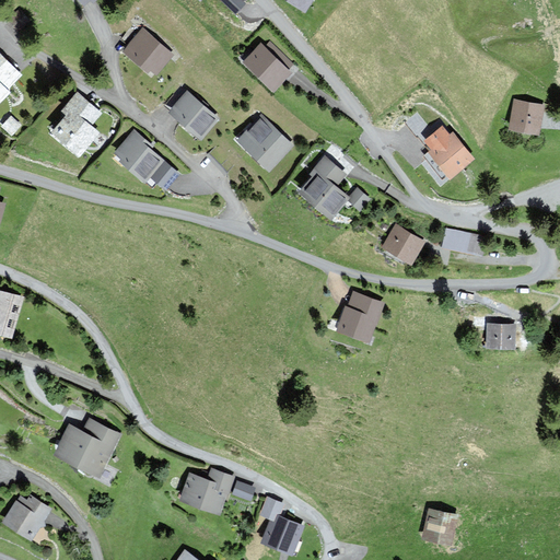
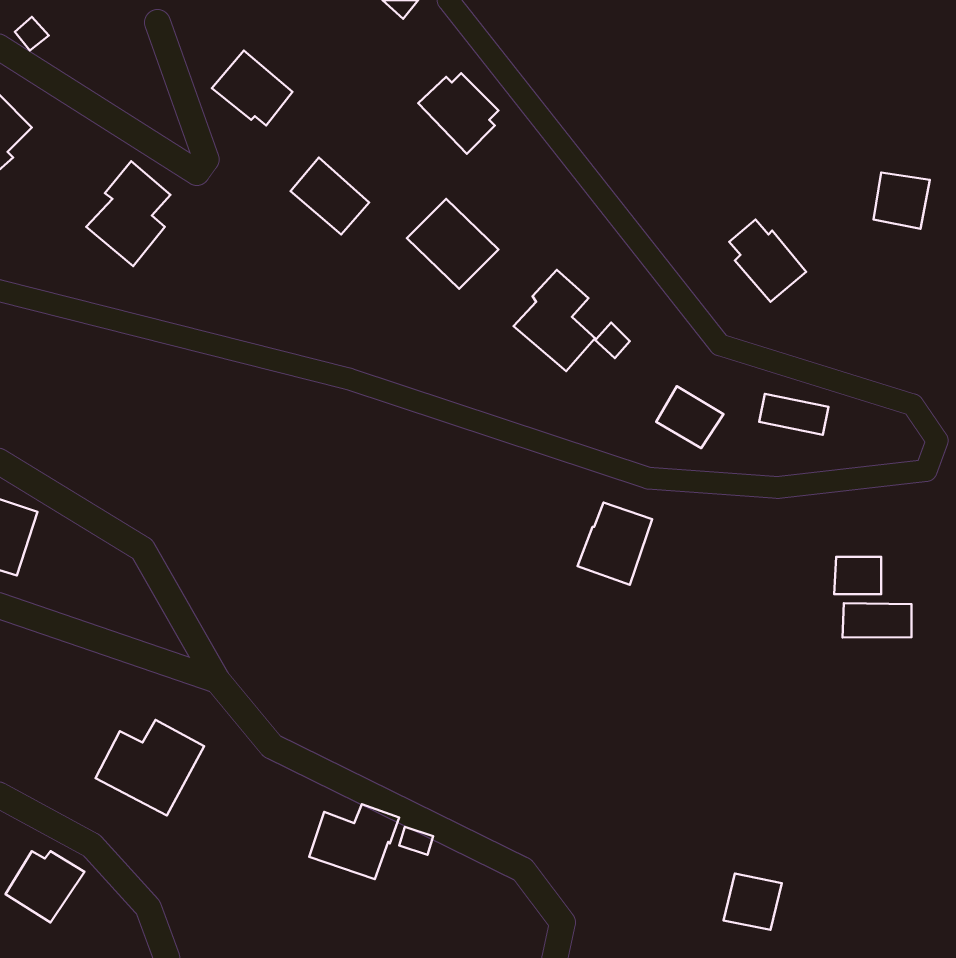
building: [115,131,176,188] -> none
building: none -> [842,603,912,637]
building: [261,514,302,553] -> none

